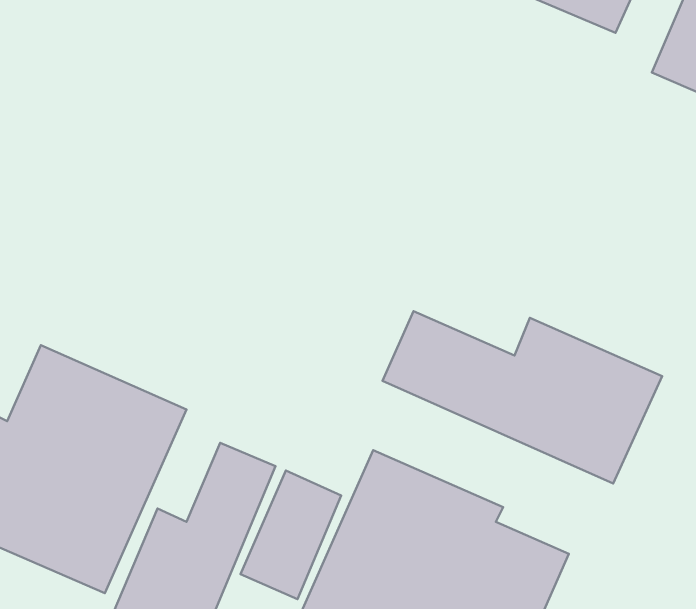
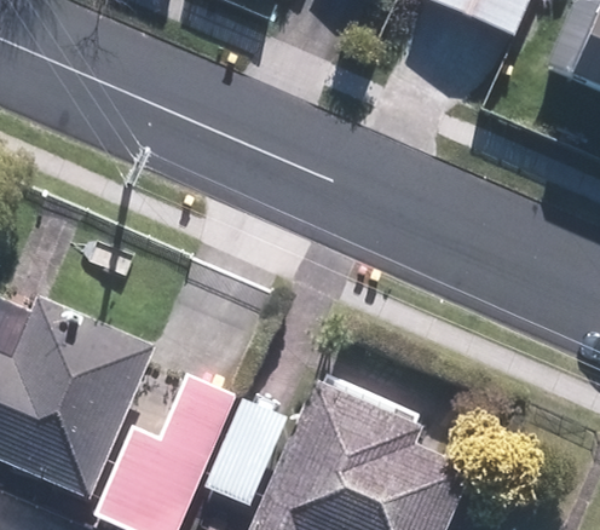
building: [383,311,662,484] -> none

